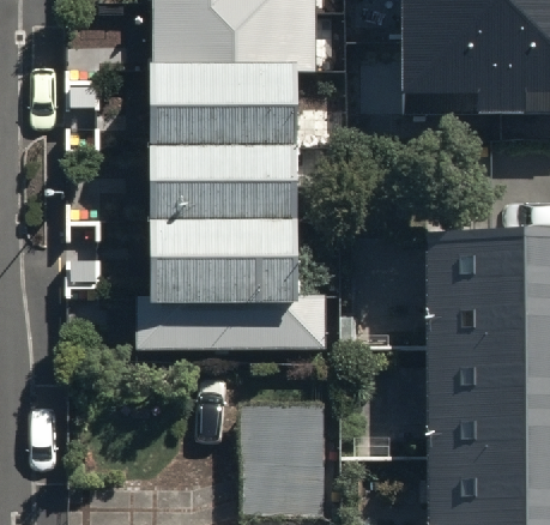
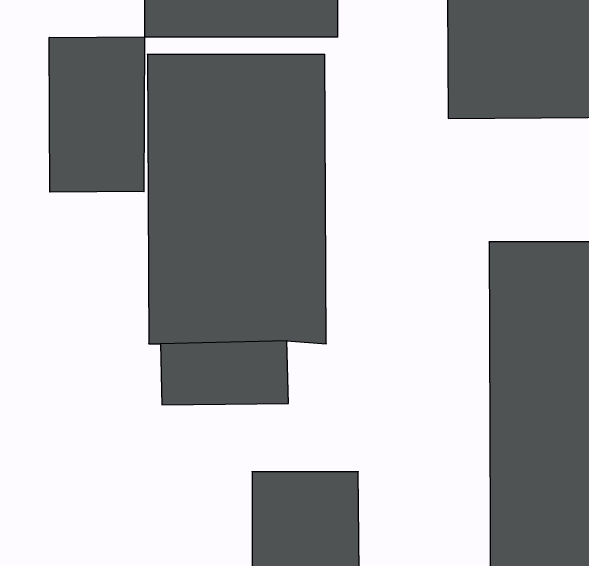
building: none -> [49,37,144,192]

